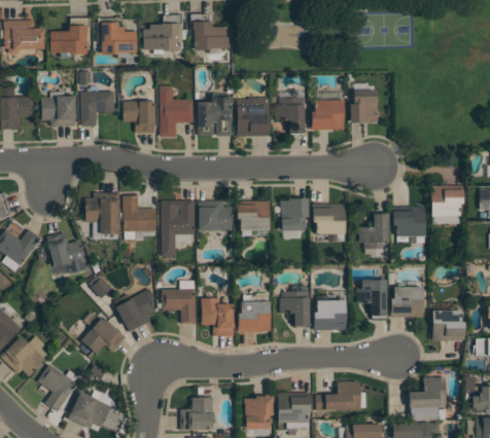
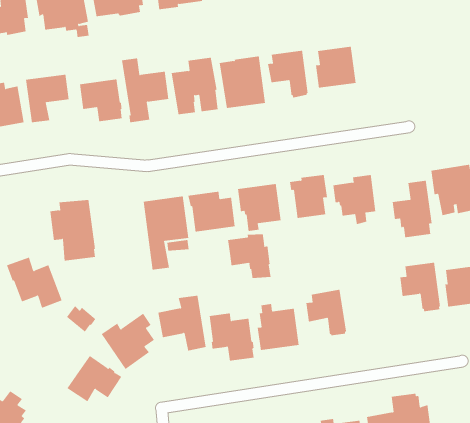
building: [351,90,378,122] -> none
building: [122,195,156,241] -> none
building: none -> [228,233,271,279]
building: [315,300,347,330] -> none

